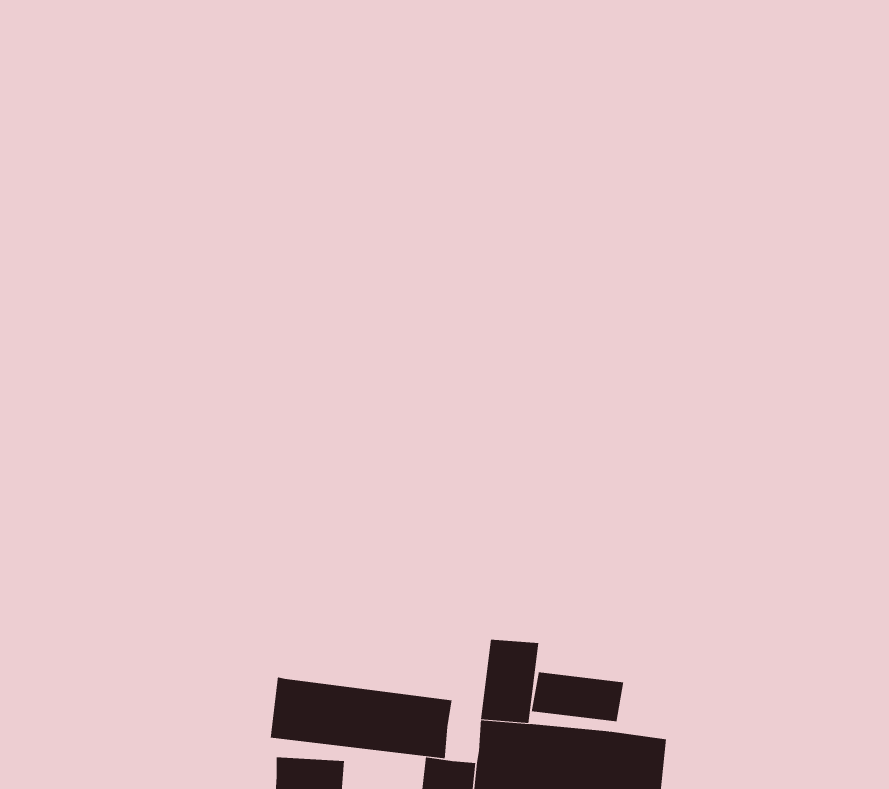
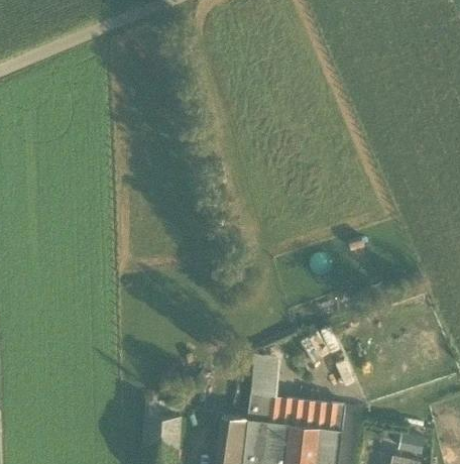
building: [531,671,624,722] -> none
building: [270,676,452,759] -> none

